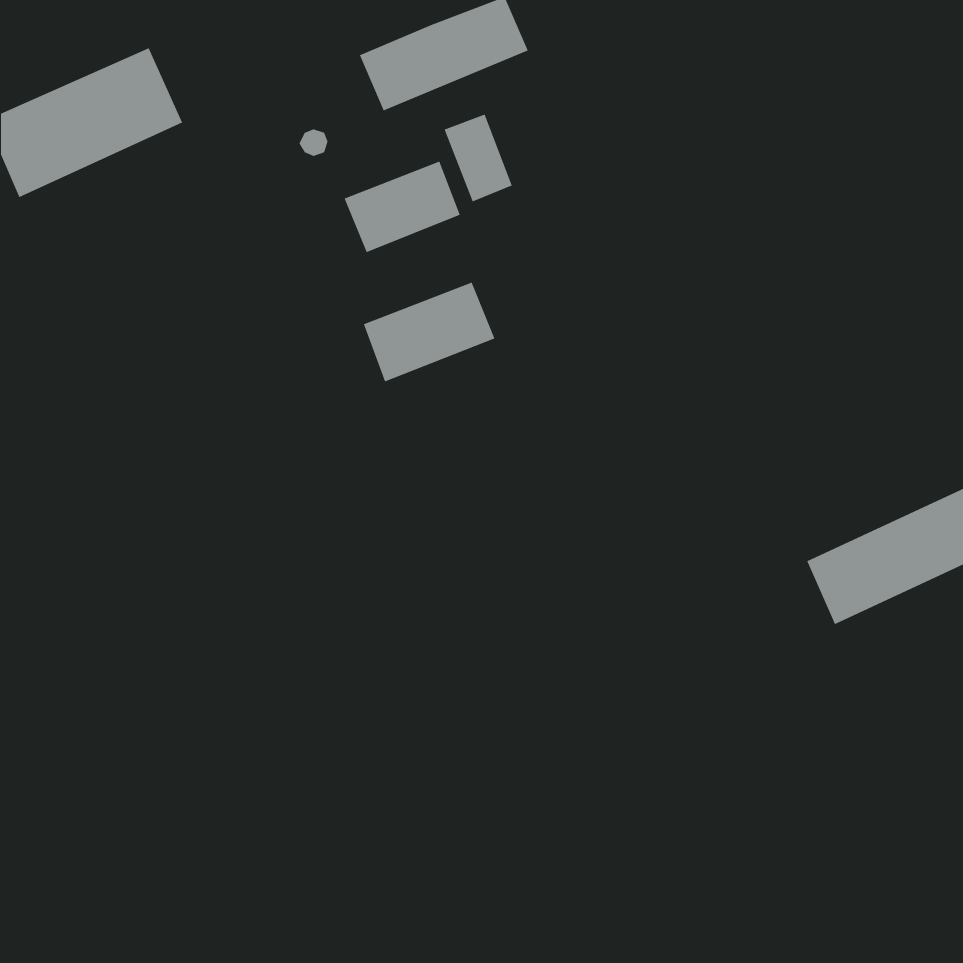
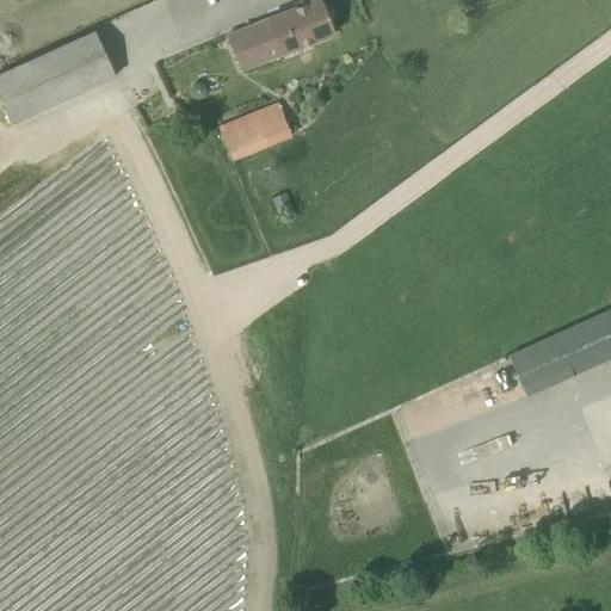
building: [443,114,513,202] -> none
building: [363,282,496,382] -> none

